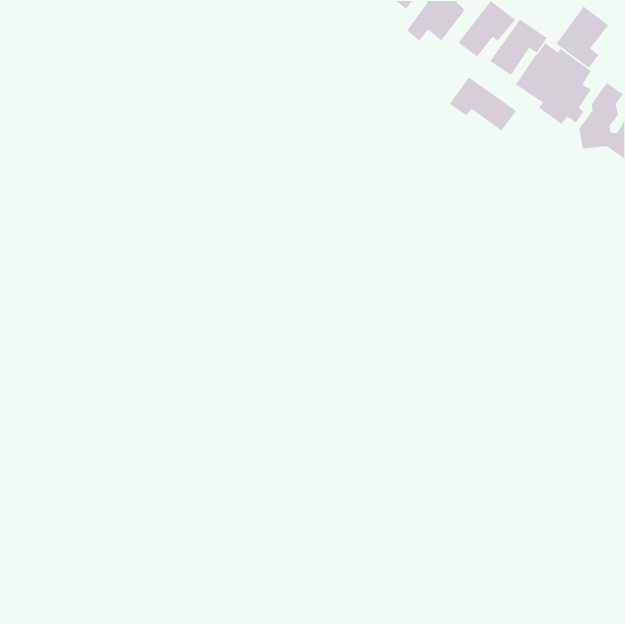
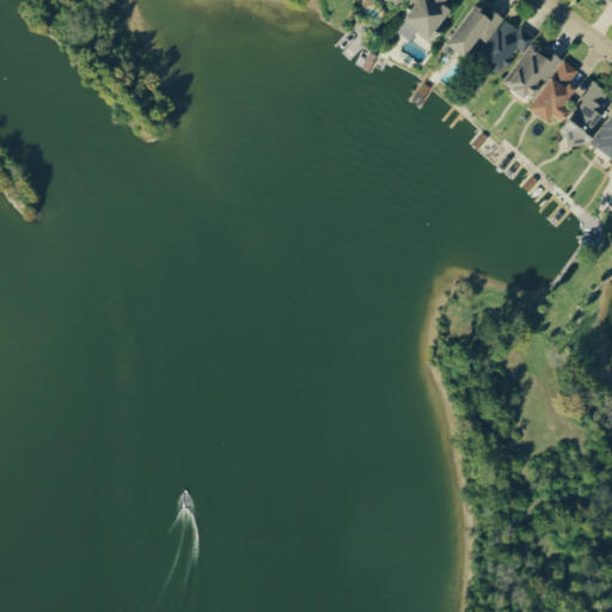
building: [556,6,609,69] -> none
building: [449,76,517,132] -> none

